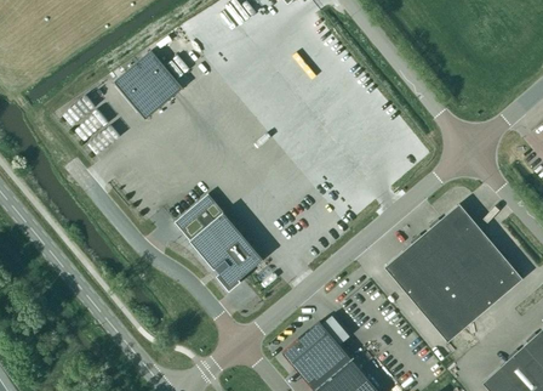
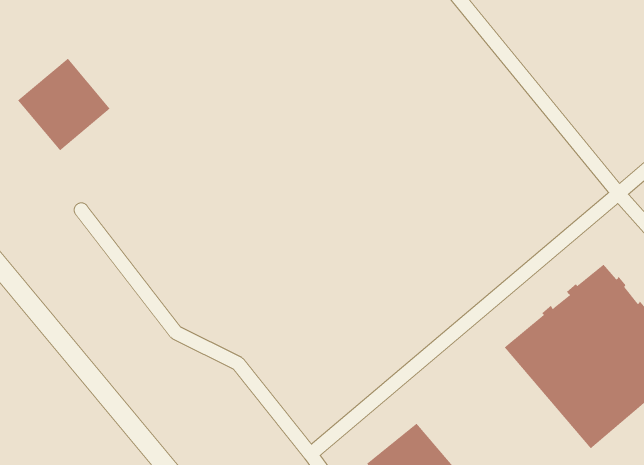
building: [114,50,183,119] -> [17,58,111,151]
building: [175,193,263,291] -> none

